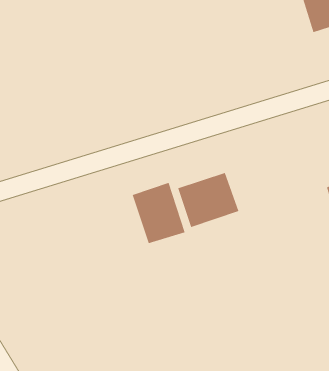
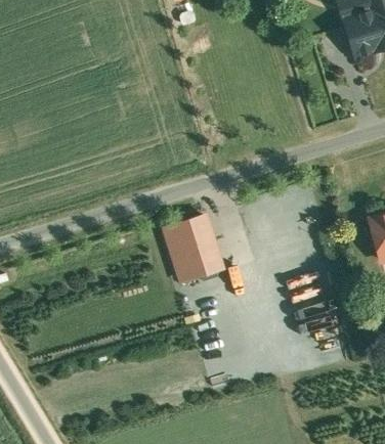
building: [177,172,239,228] -> none

